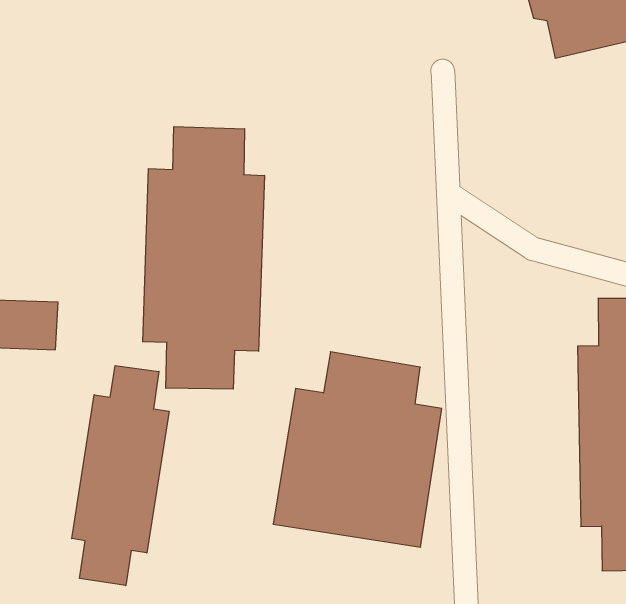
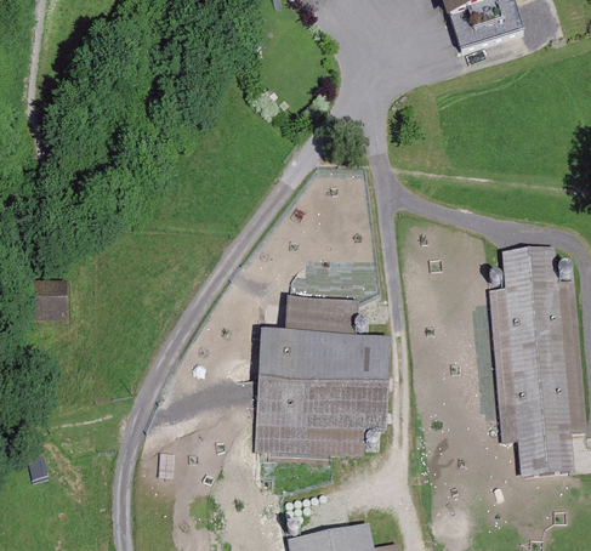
building: [143,127,264,389] -> none
building: [72,366,169,586] -> none

